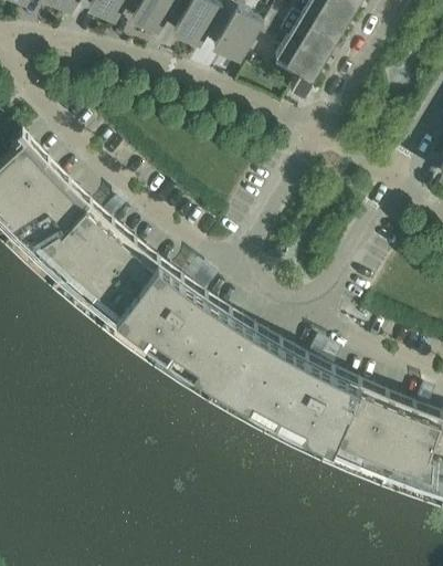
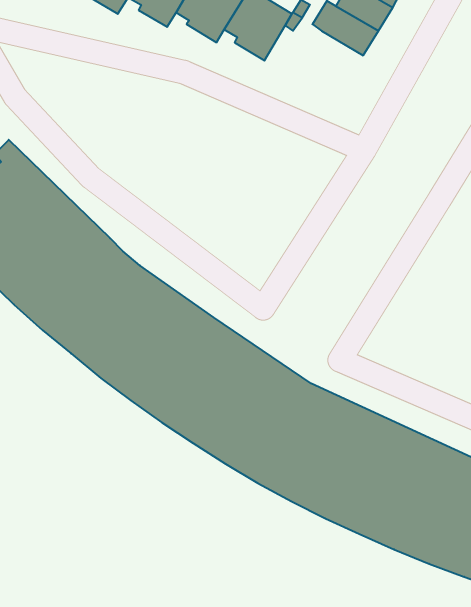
building: [276,33,325,86] -> none

